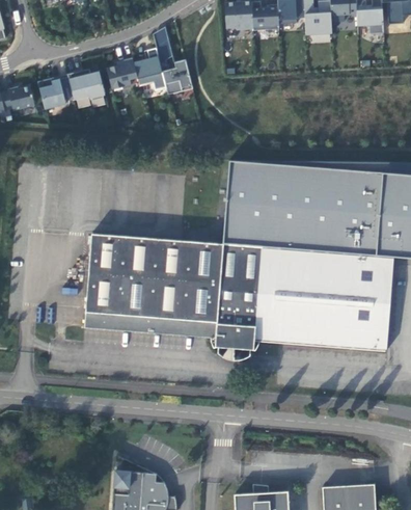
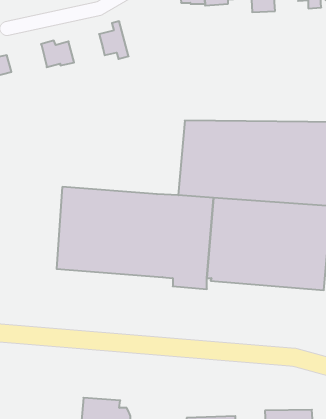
building: [157,39,193,95] -> none
building: [107,57,138,89] -> none
building: [38,76,75,109] -> none

